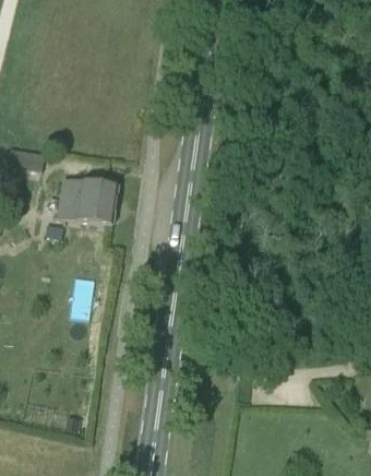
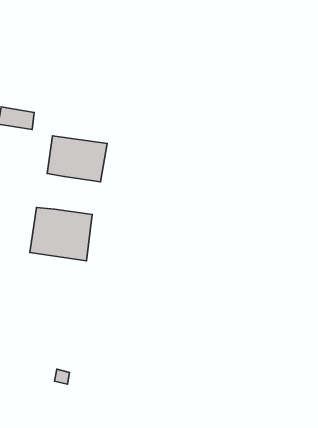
building: none -> [30,208,92,261]

